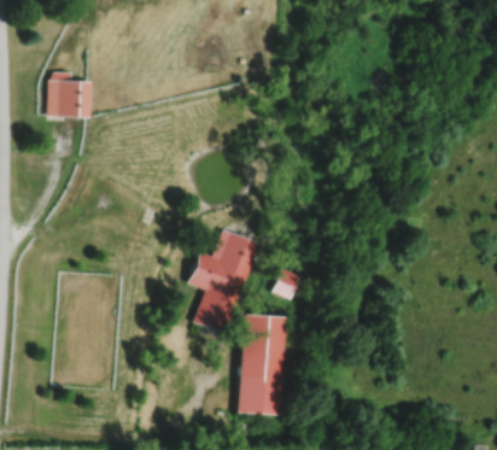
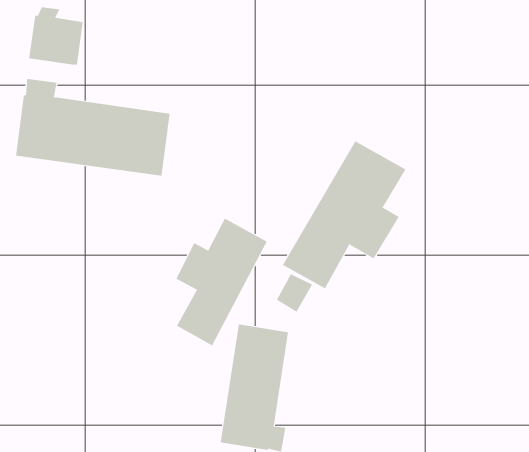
building: none -> [16,78,170,177]
building: none -> [282,140,406,289]

